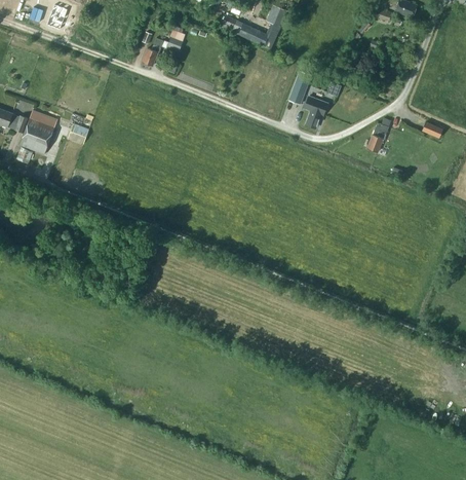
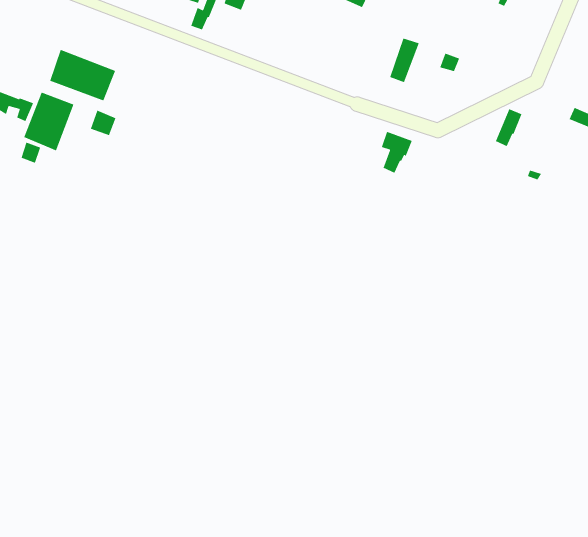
building: none -> [49,49,116,102]
building: [305,96,328,127] -> [381,131,413,174]

